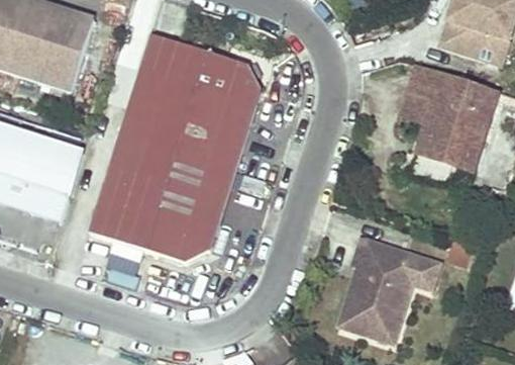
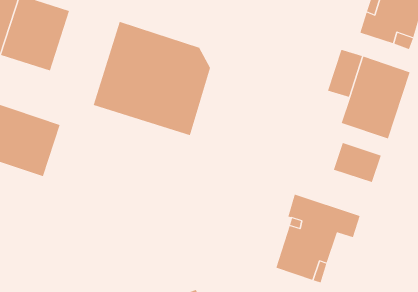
building: [89,131,236,262] -> none
building: none -> [333,142,382,183]

